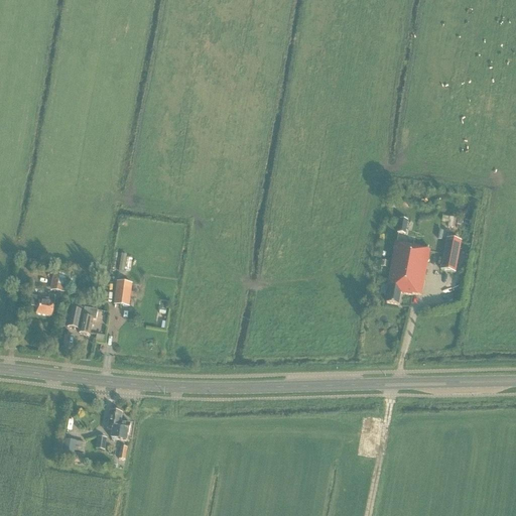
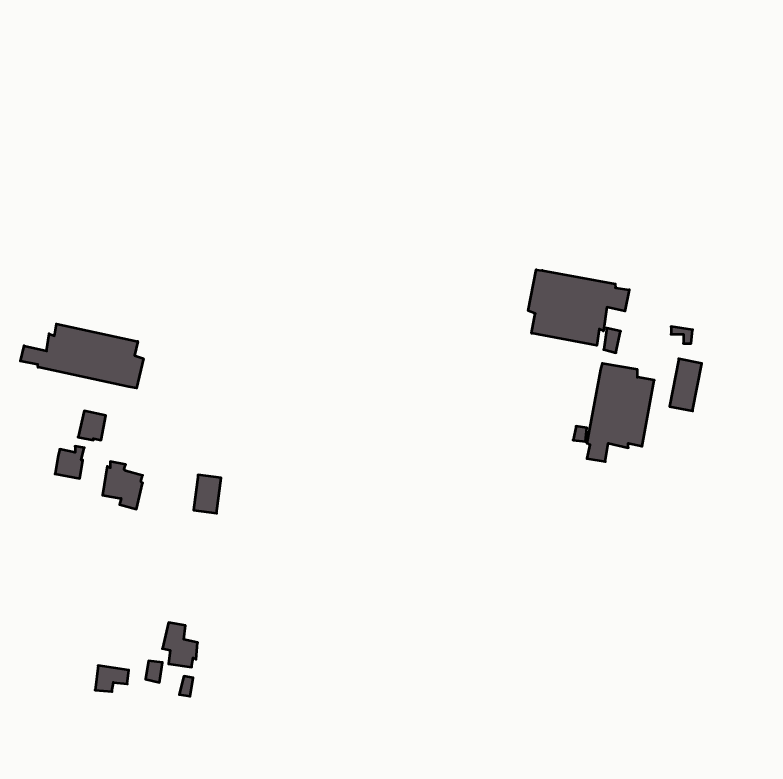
building: none -> [528,270,629,345]
building: none -> [20,324,143,388]
building: [114,279,132,304] -> [194,475,221,513]

